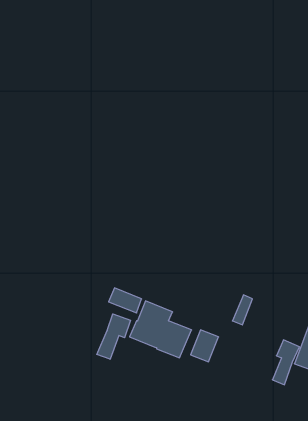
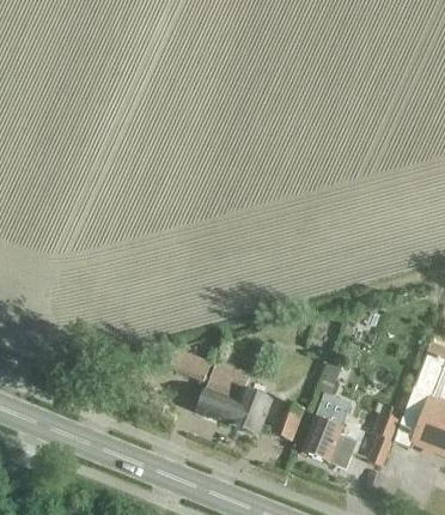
building: [97,314,131,359] -> none
building: none -> [301,395,358,467]

